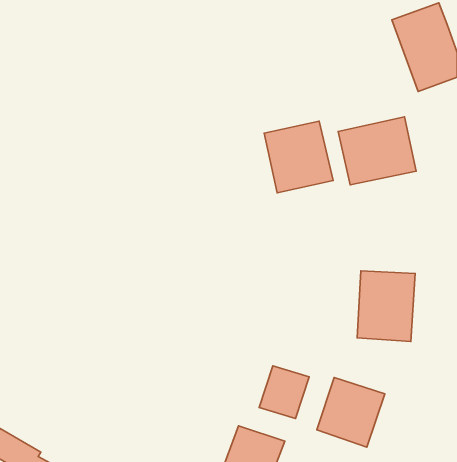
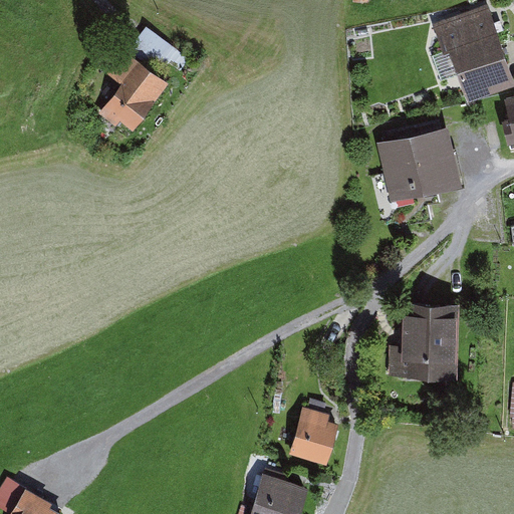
building: none -> [96,28,169,146]
building: [264,121,333,193] -> none
building: [317,377,385,447] -> none

